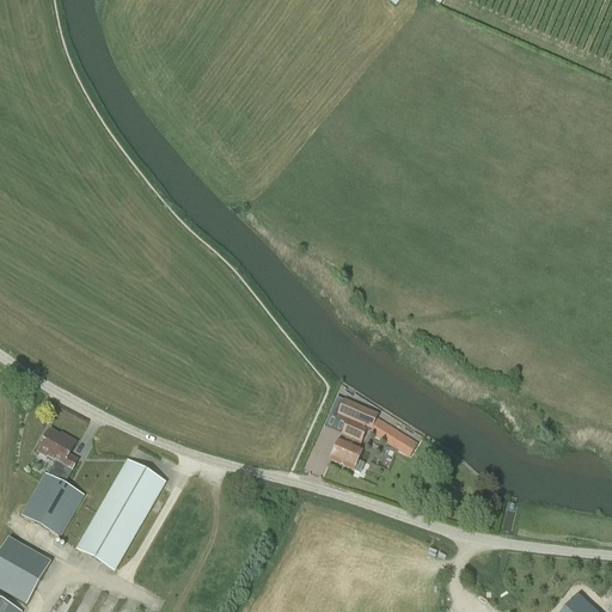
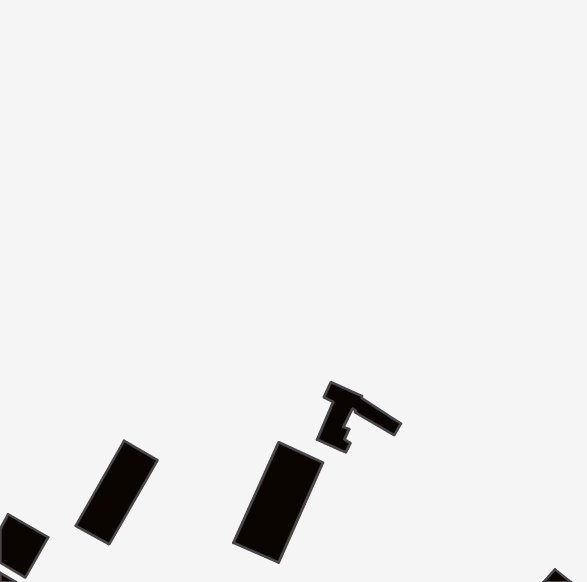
building: [23,427,82,533] -> none
building: none -> [233,442,323,563]

